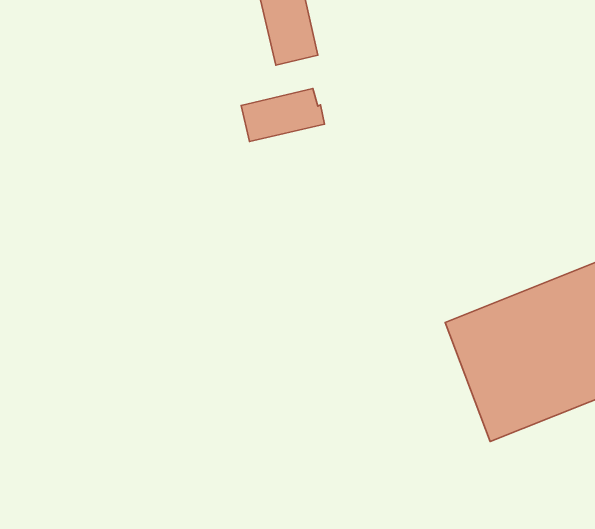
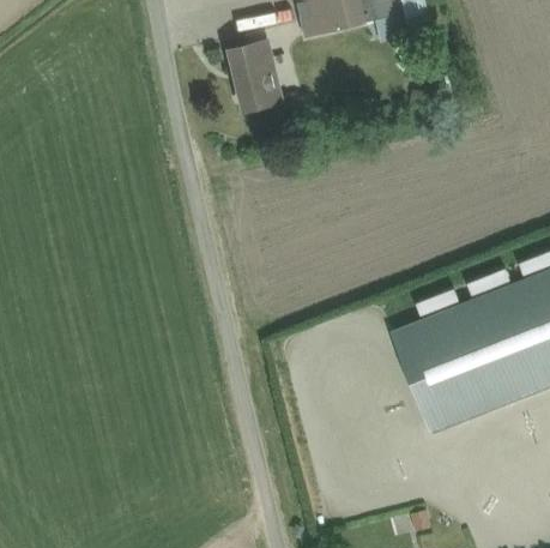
building: [241,88,325,142] -> none

